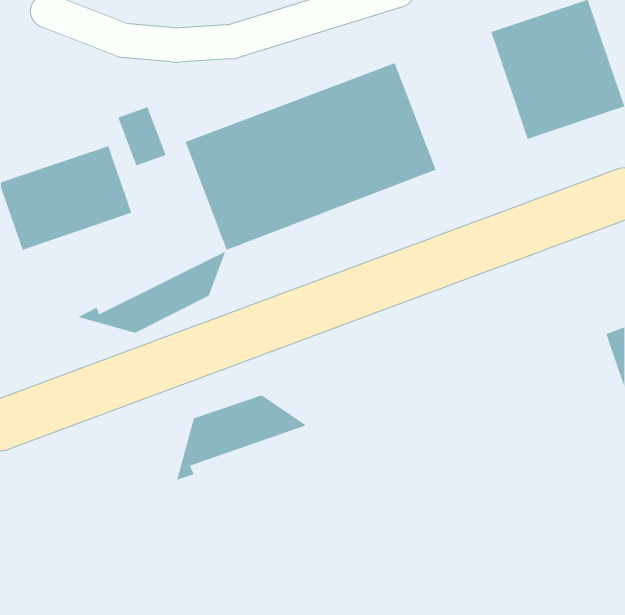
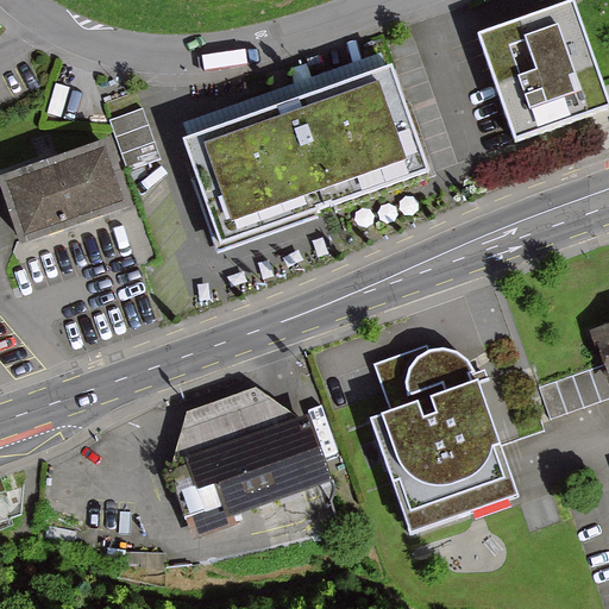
building: [77,251,226,334] -> none
building: none -> [371,339,520,527]
building: none -> [171,412,328,526]

